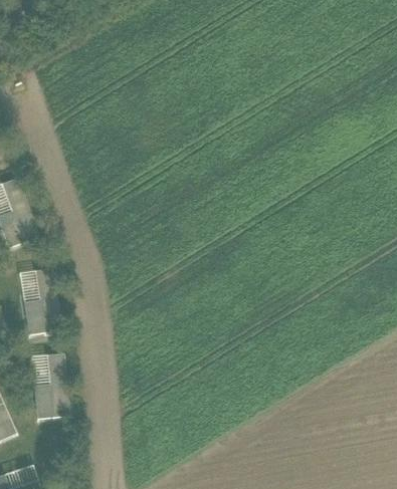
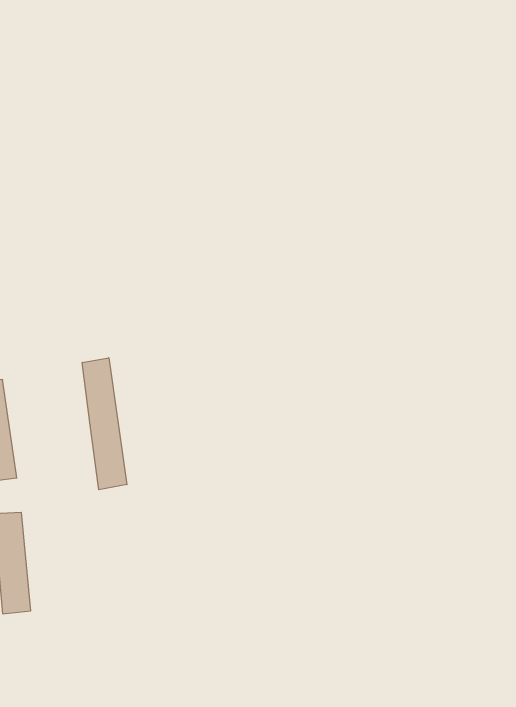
building: none -> [82,358,127,490]

